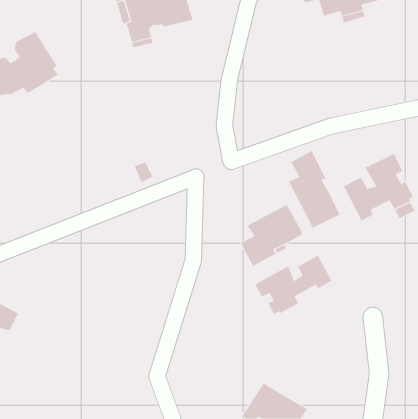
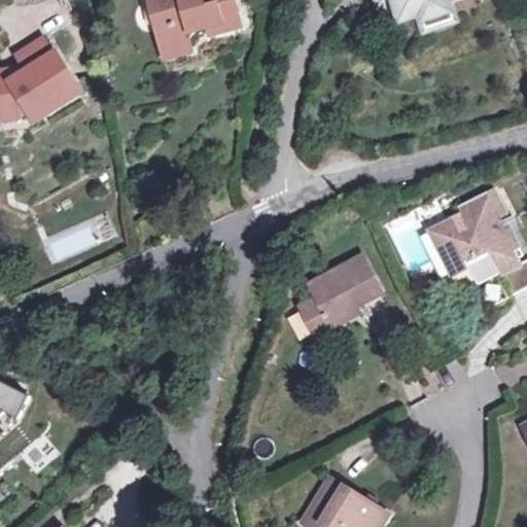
building: [288,150,340,229] -> none
building: [255,255,332,315] -> none

